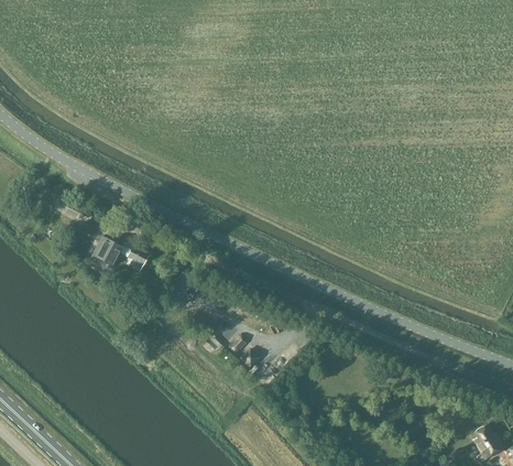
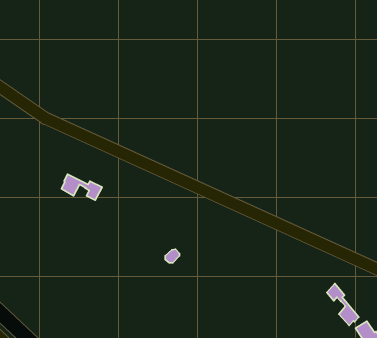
building: none -> [327,283,359,325]

